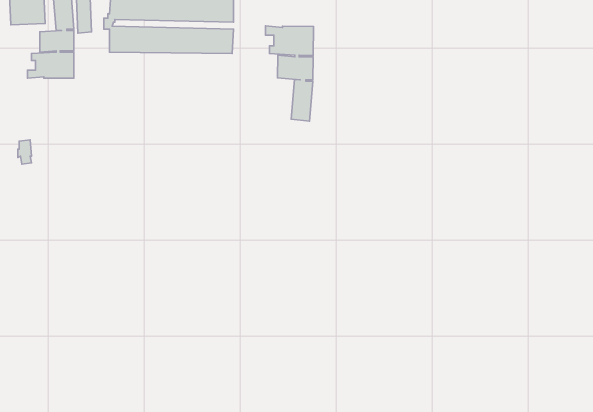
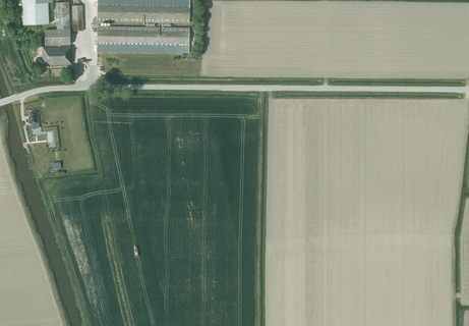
building: [265,26,313,121] -> none

